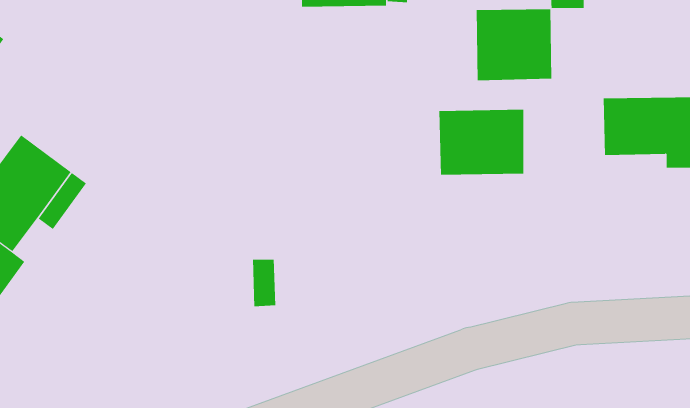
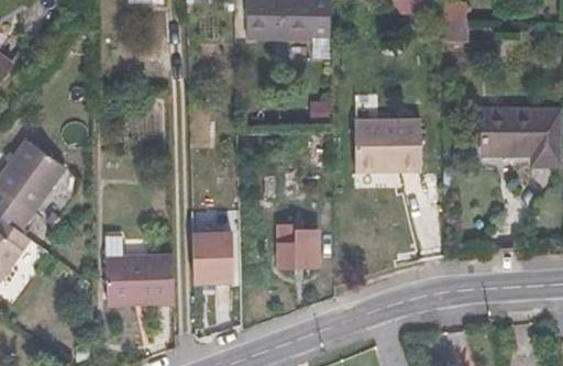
building: [476,8,552,81] -> none
building: none -> [278,226,319,266]
building: none -> [106,234,176,303]

